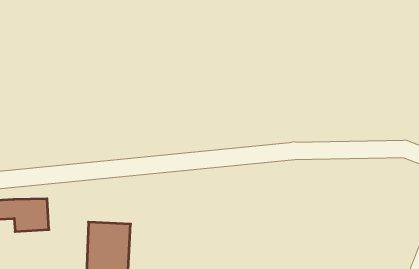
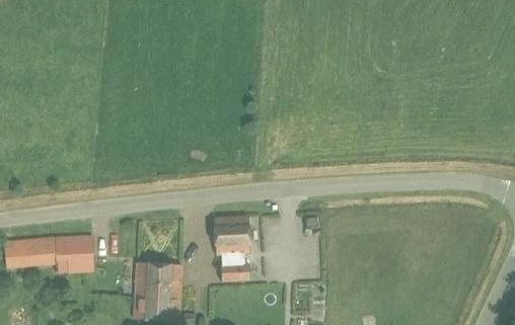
building: none -> [212,215,249,279]

